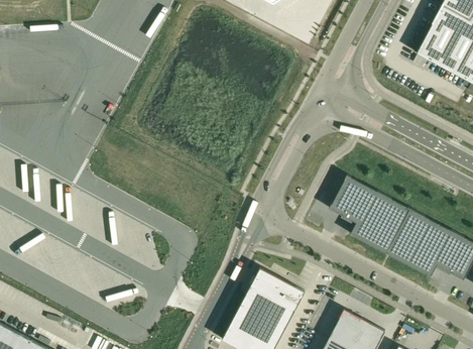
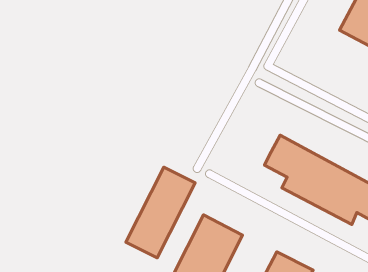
building: none -> [126,167,195,258]

